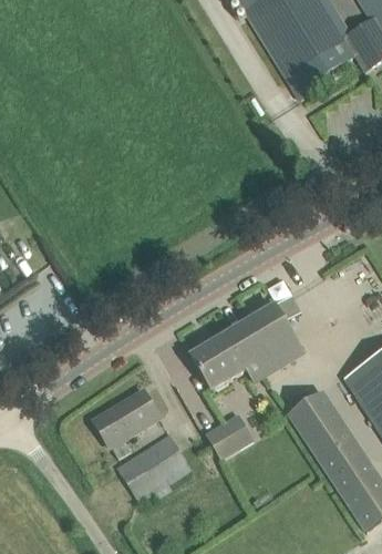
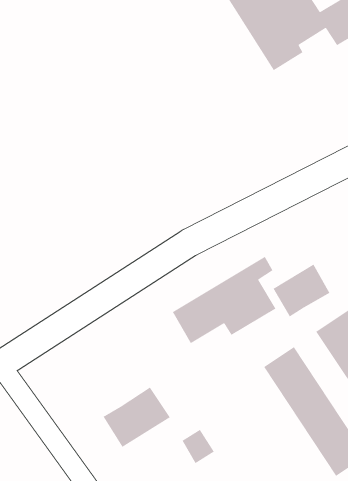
building: none -> [273,264,330,317]
building: [92,390,157,444] -> none
building: [205,421,240,459] -> [182,429,215,464]

